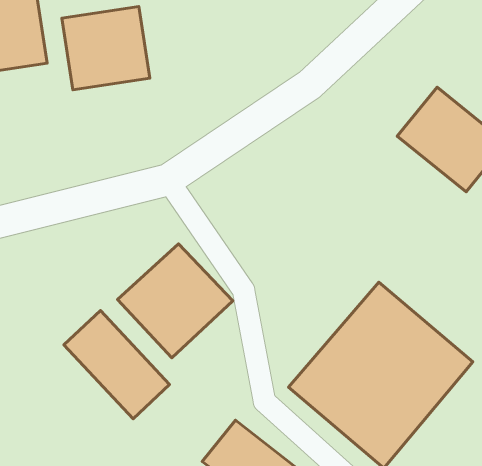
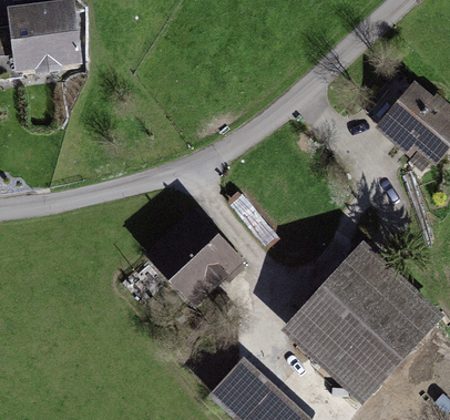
building: [62,6,150,90] -> none
building: [64,310,170,419] -> none

